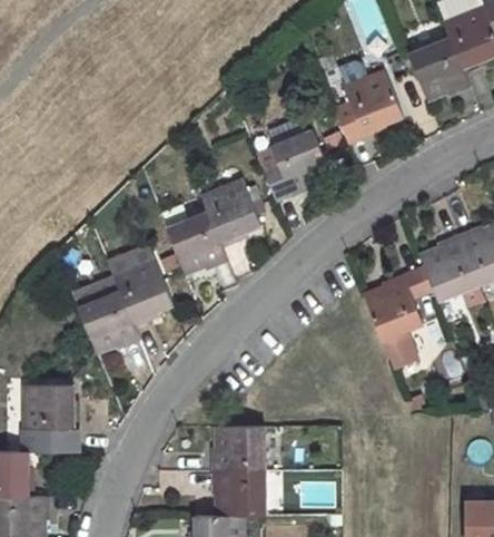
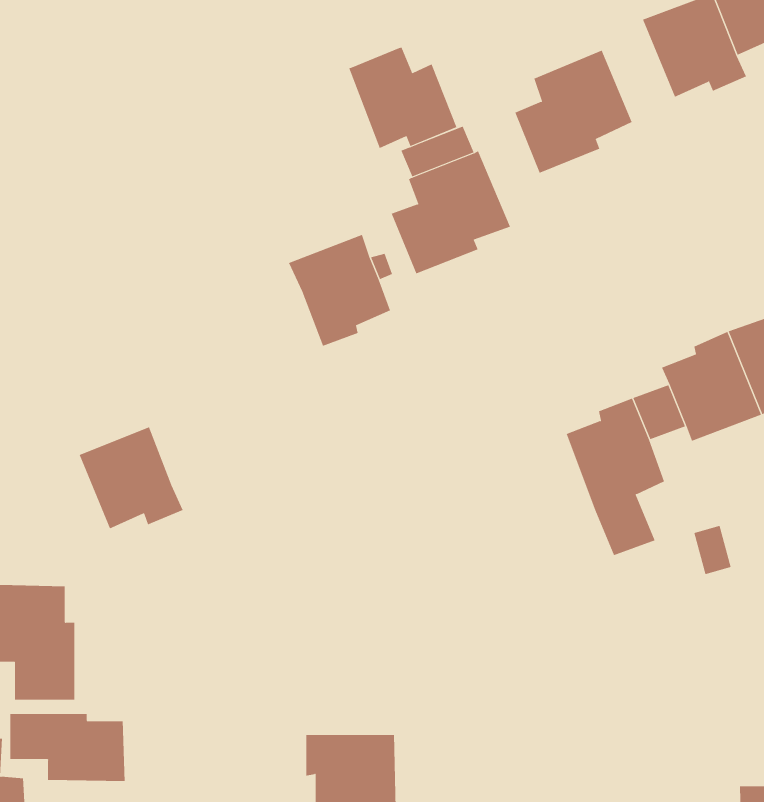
building: none -> [349,47,457,149]
building: [166,212,228,274] -> none
building: [113,260,174,325] -> none
building: [211,426,264,471] -> none
building: none -> [10,713,125,782]

